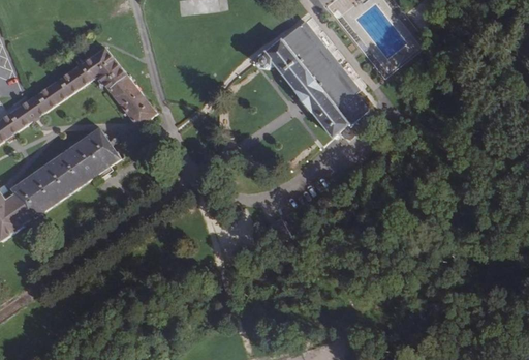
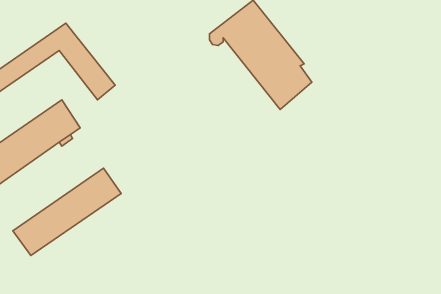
building: none -> [13,168,121,255]

